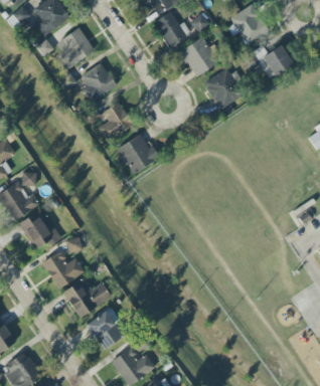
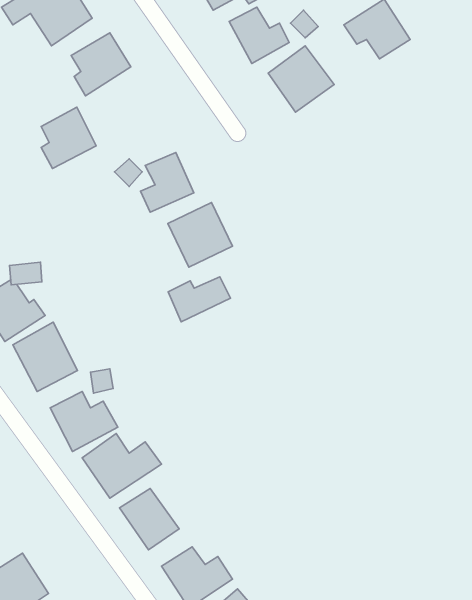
building: [245,45,294,77] -> none
building: [83,64,117,103] -> [41,107,96,168]
building: [205,69,243,109] -> none
building: none -> [168,277,230,322]

